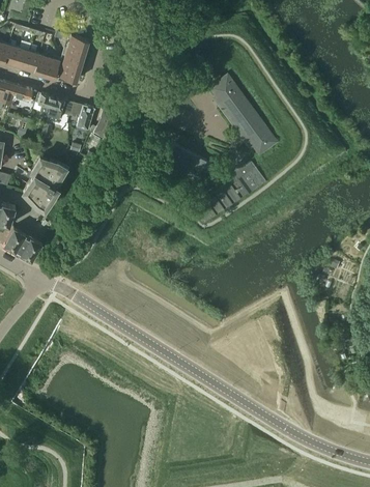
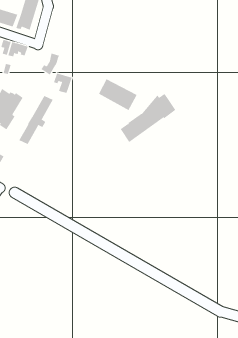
building: [209,75,277,155] -> none
building: [69,103,94,130] -> [53,73,72,94]
building: none -> [19,95,54,145]

